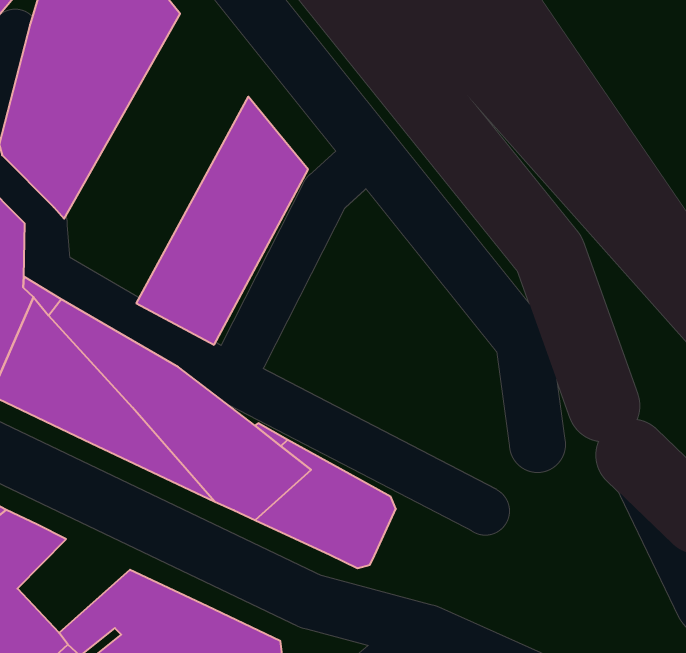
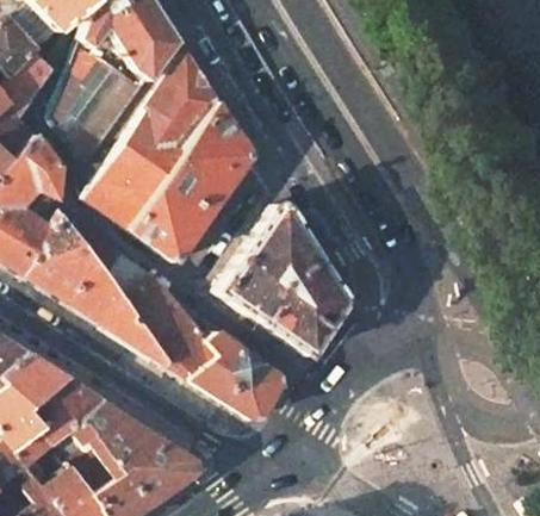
building: none -> [83,55,218,230]
building: none -> [217,205,343,355]
building: none -> [29,379,104,440]

